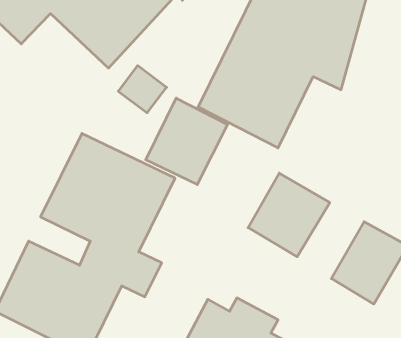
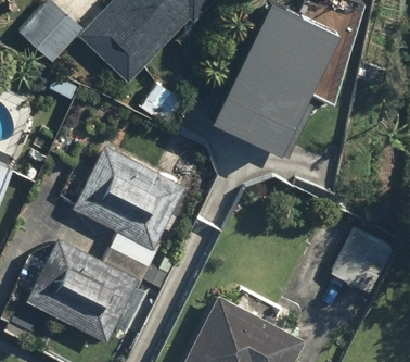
building: [146,98,228,185] -> none
building: [248,173,330,257] -> none

